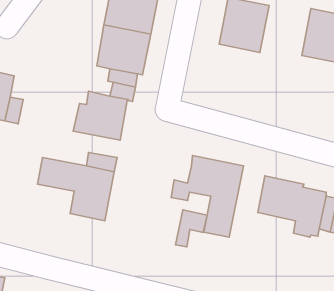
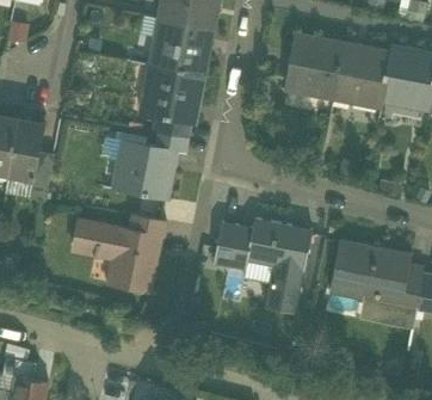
building: none -> [333,42,391,106]
building: [176,210,207,247] -> [216,223,253,266]

